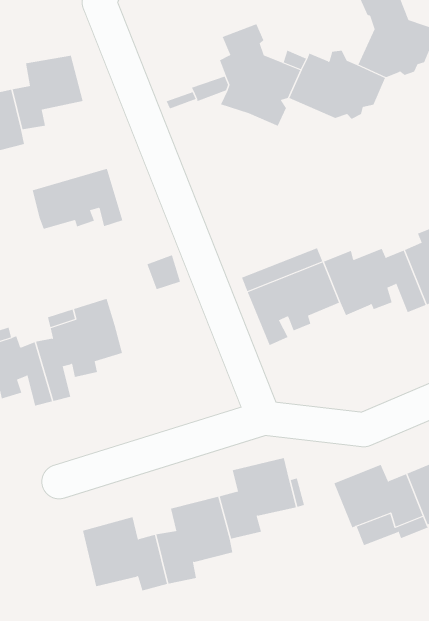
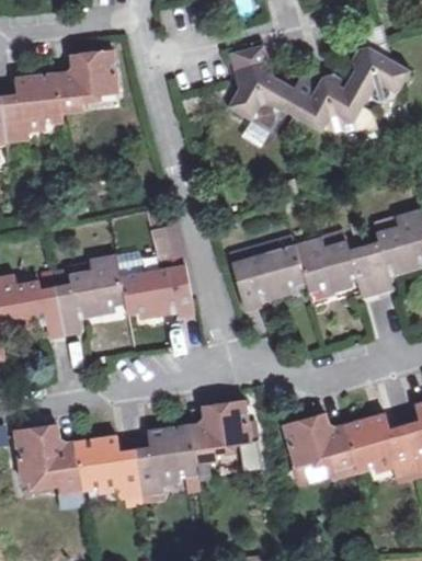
building: [32,168,123,229] -> [122,267,193,314]
building: none -> [18,425,81,491]

